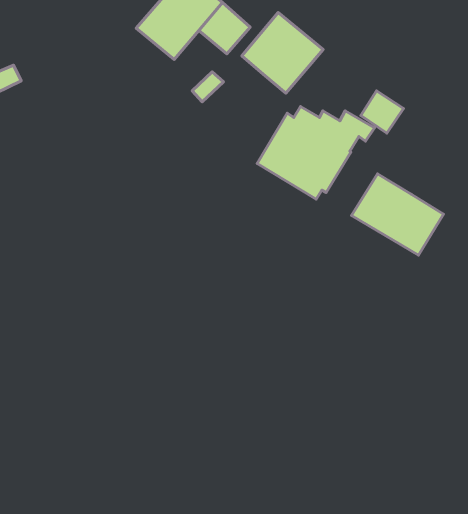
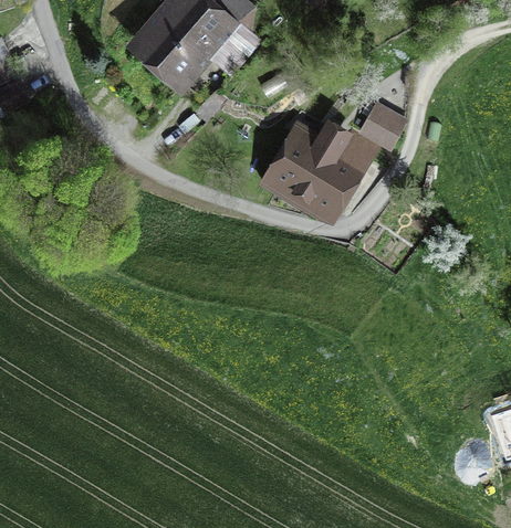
building: [242,13,323,93] -> none
building: [352,174,444,255] -> none

